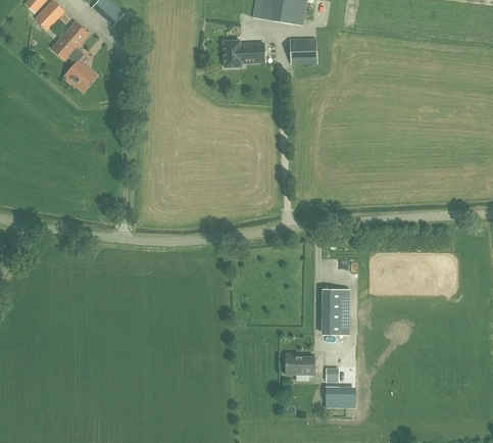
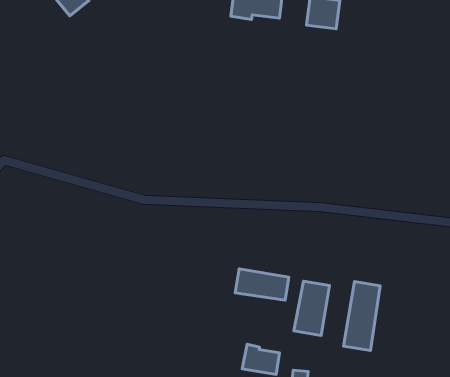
building: none -> [344,281,380,351]
building: none -> [235,269,289,300]

